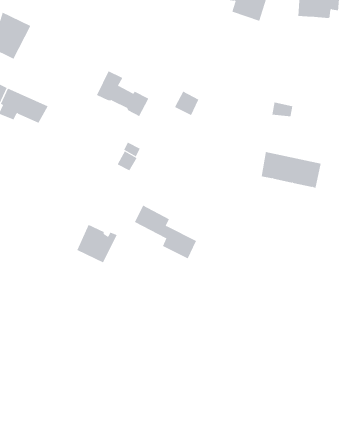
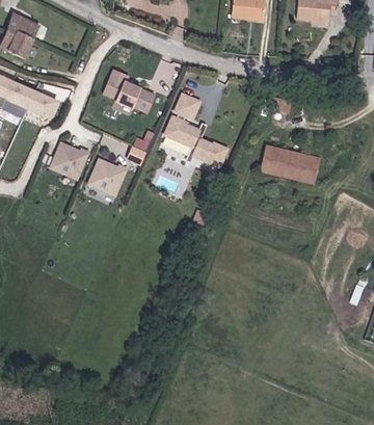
building: none -> [46,138,85,177]
building: [134,205,197,259] -> [167,110,228,162]
building: [76,224,118,263] -> [83,157,123,194]

